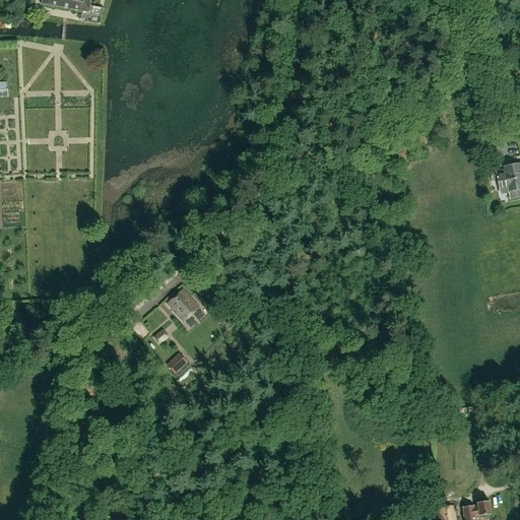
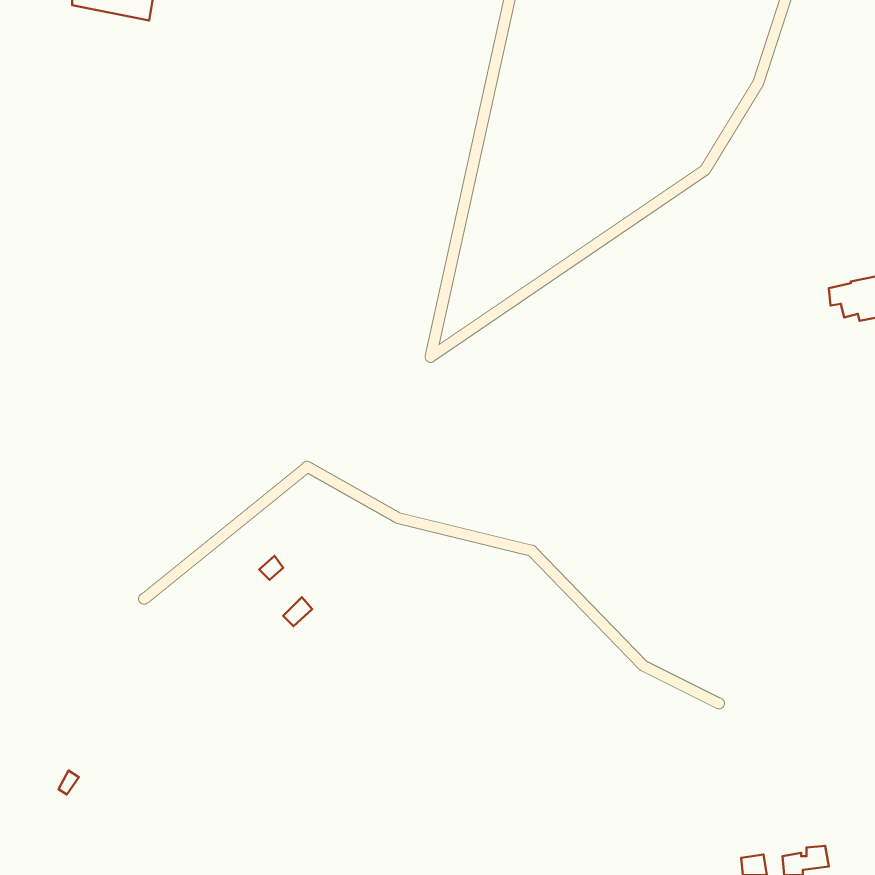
building: [170,289,200,321] -> none

